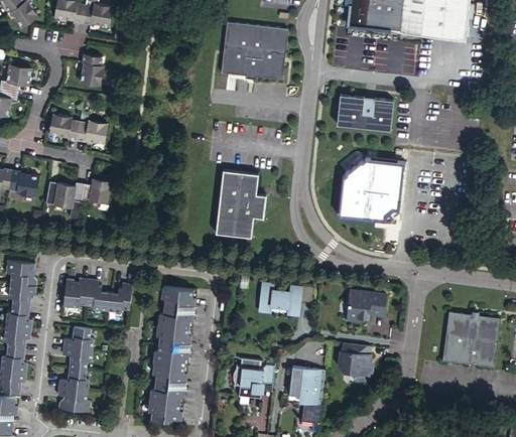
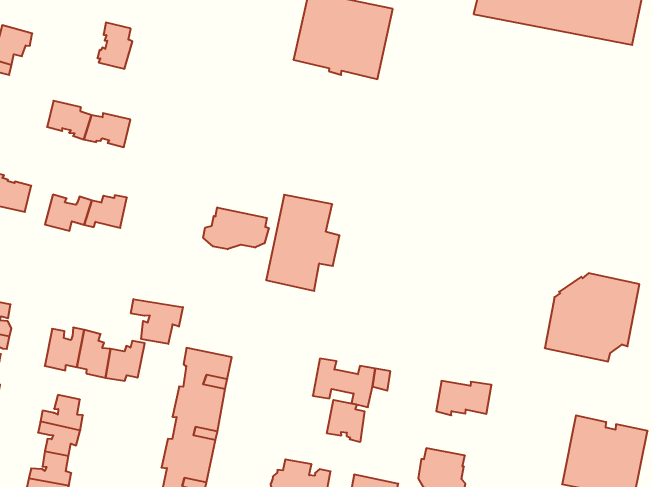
building: [340,95,394,130] -> none
building: [341,158,405,221] -> [545,273,639,362]
building: none -> [203,207,269,249]
building: none -> [131,299,183,344]
building: none -> [327,400,364,442]

